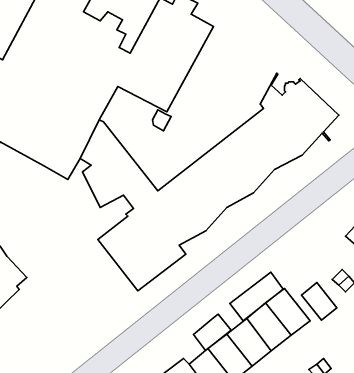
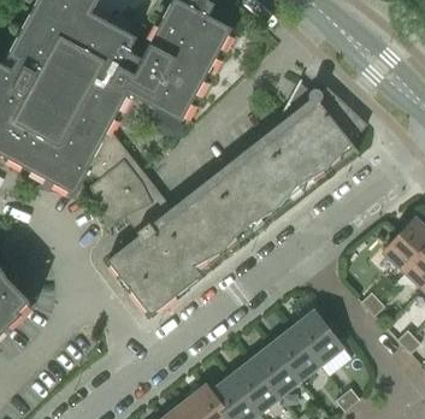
building: [230,272,283,321] -> none
building: [302,283,337,320] -> none
building: [193,314,231,350] -> none

